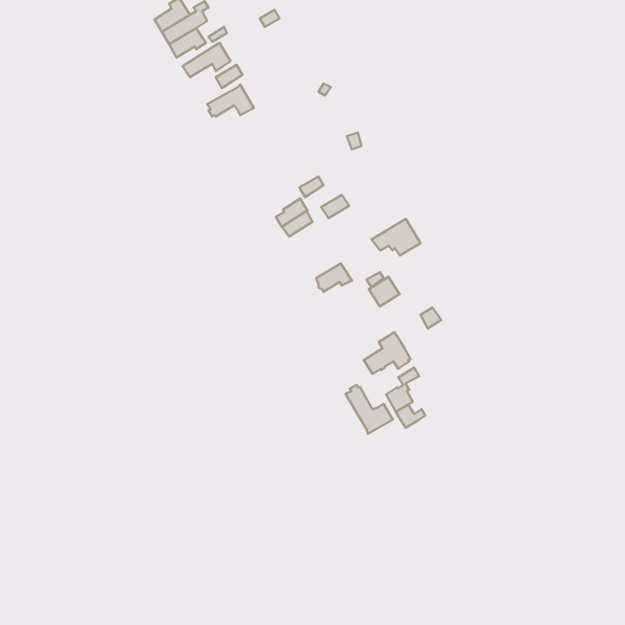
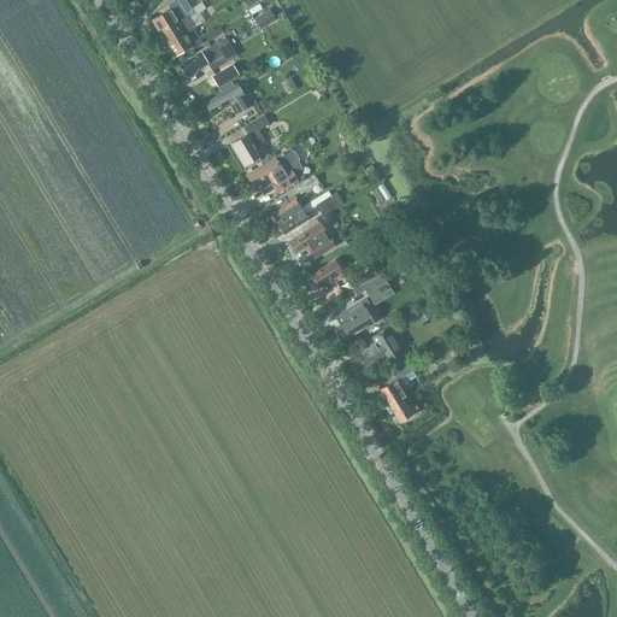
building: none -> [233,113,270,165]
building: none -> [247,147,304,192]
building: [372,219,421,255] -> [289,221,337,257]
building: none -> [337,298,375,336]
building: [346,385,393,434] -> none

